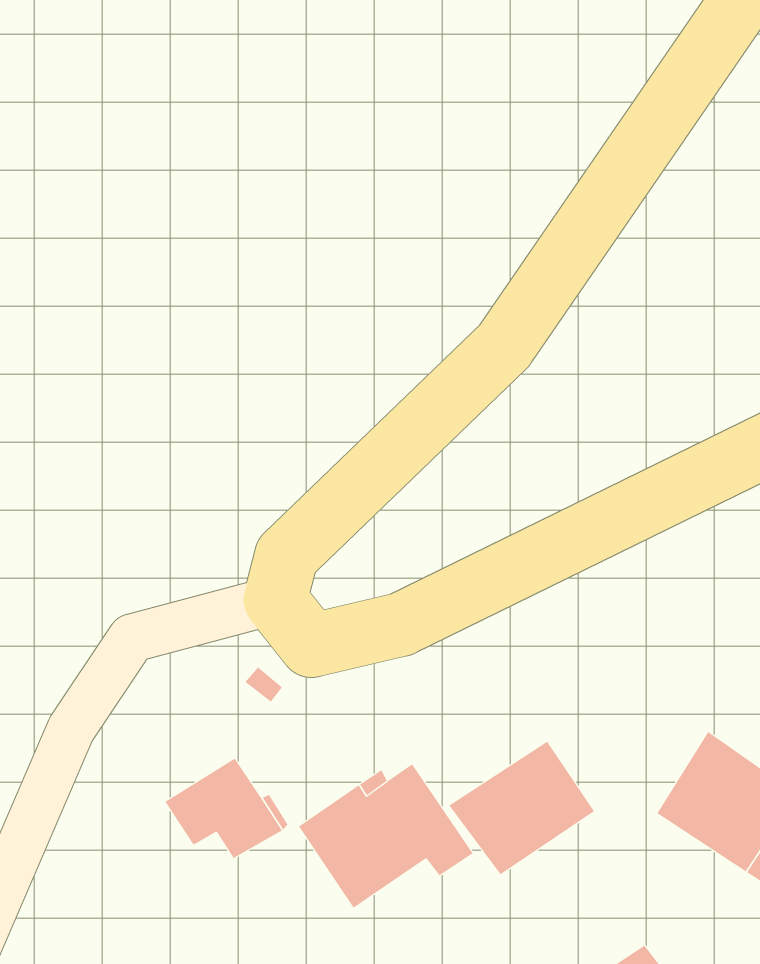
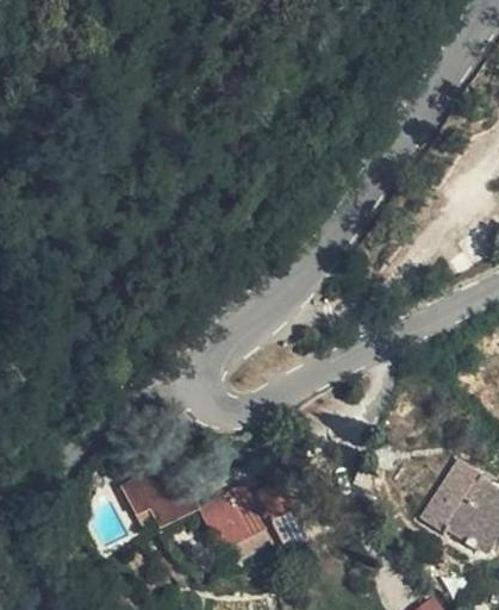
building: [449,741,595,875] -> none

